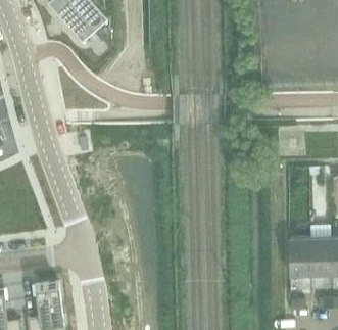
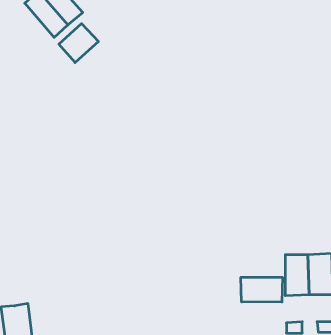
building: none -> [59,24,98,63]
building: none -> [241,277,282,302]

